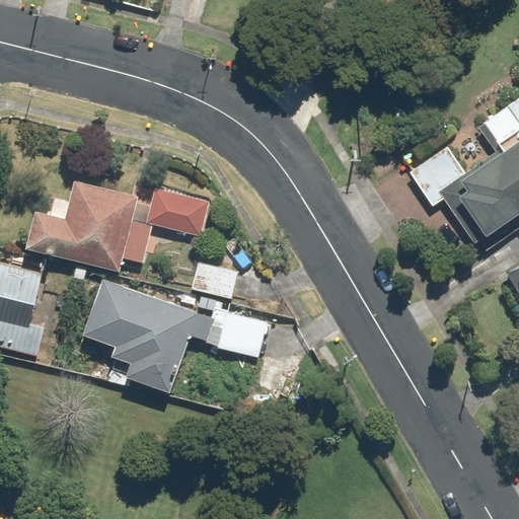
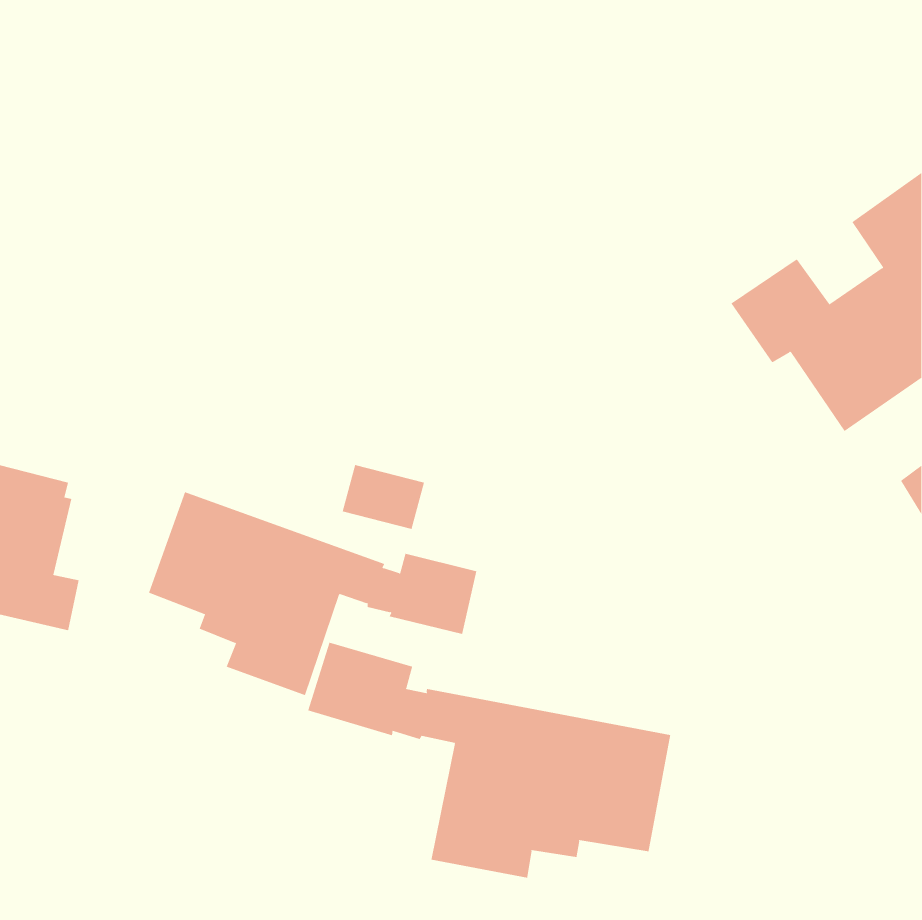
building: [26,180,209,272] -> none
building: none -> [307,642,671,878]

